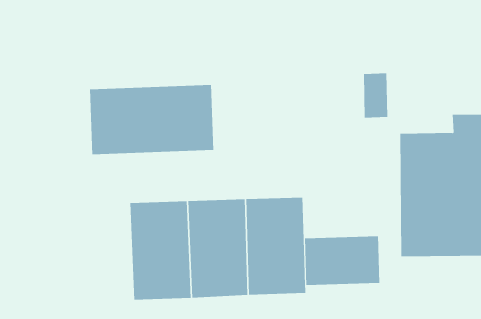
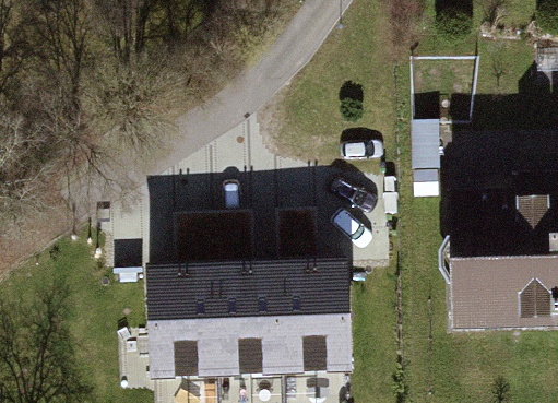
building: [89,84,214,155] -> none
building: [305,236,380,286] -> none

